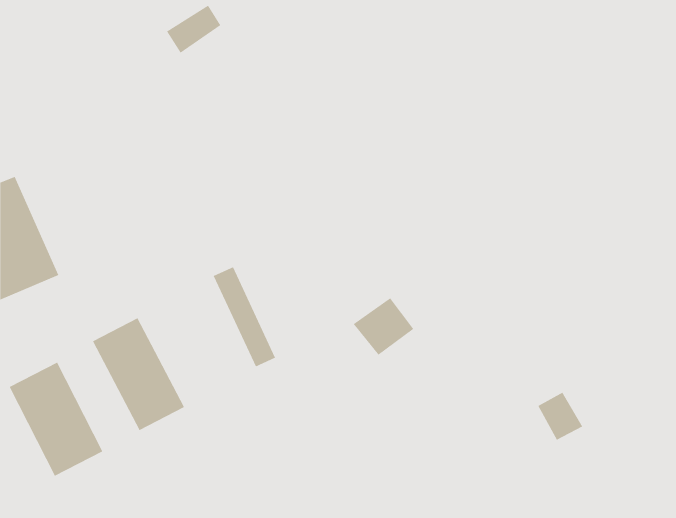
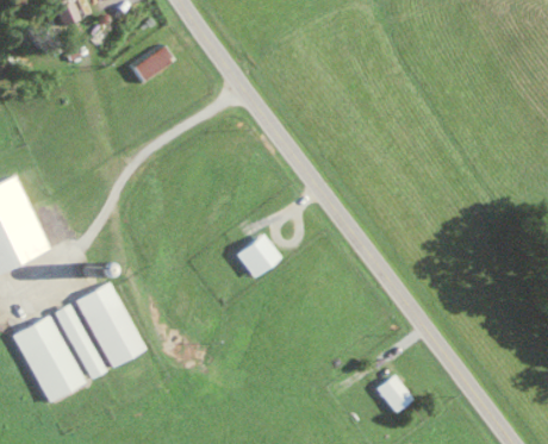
building: [213,267,276,367] -> [56,304,104,380]
building: [353,297,414,356] -> [235,233,281,277]
building: [538,392,583,441] -> [378,375,412,412]

